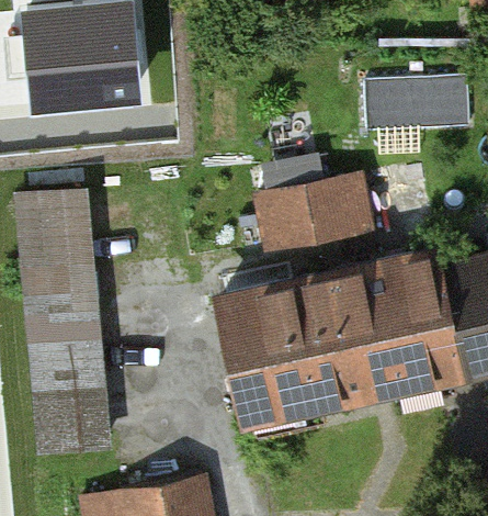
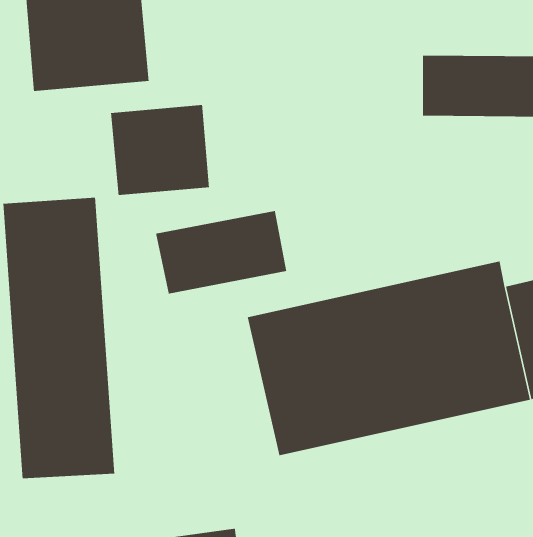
building: none -> [110,104,210,196]
building: [259,175,372,247] -> [155,210,287,294]

